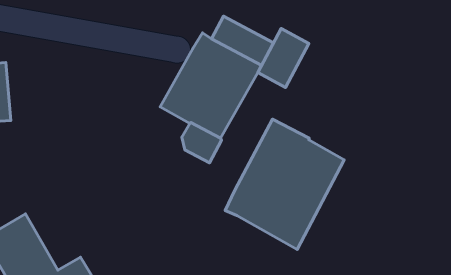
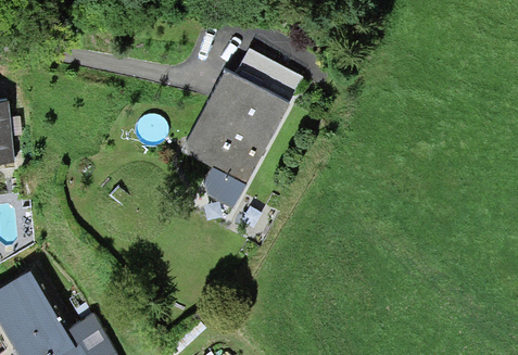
building: [258,29,309,87] -> none
building: [225,119,344,249] -> none

